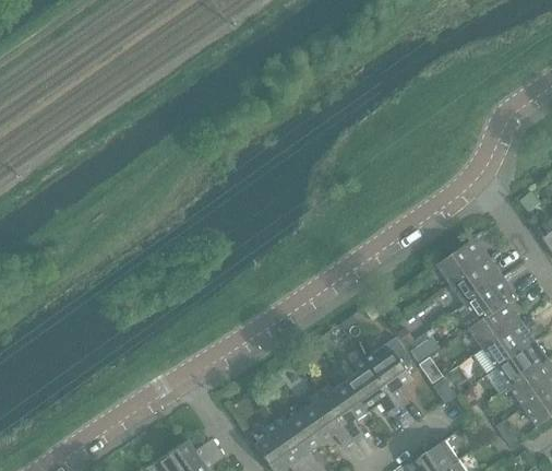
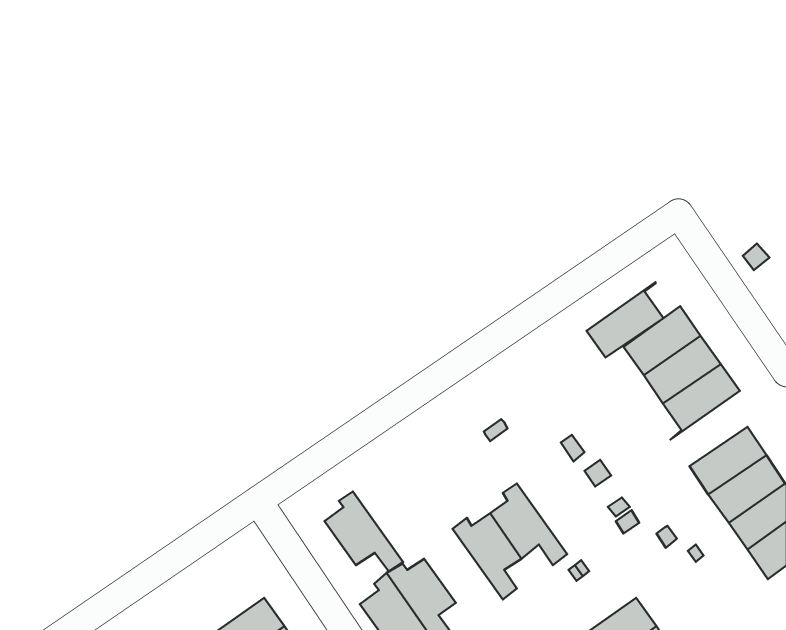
building: [470,297,524,350] -> [587,282,663,357]
building: [363,339,418,411] -> none
building: [299,393,353,449] -> [325,491,403,572]

